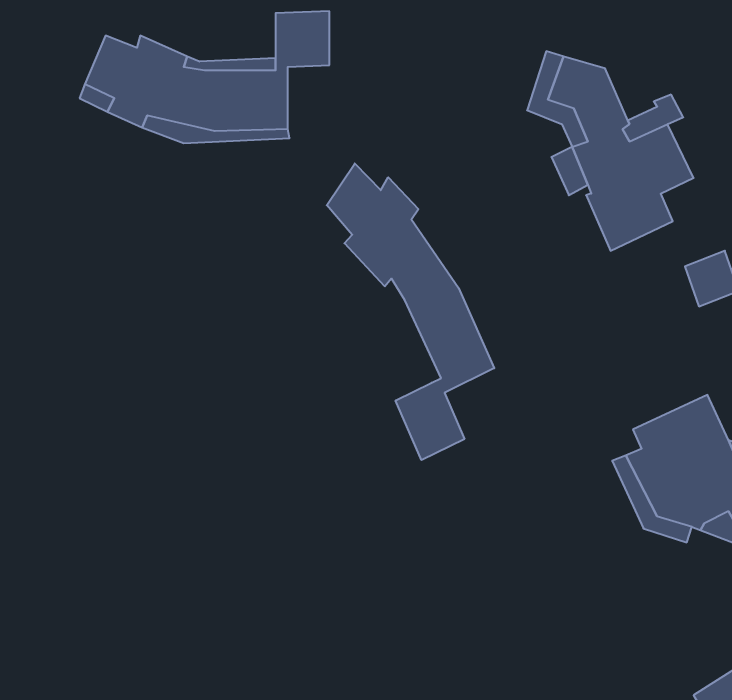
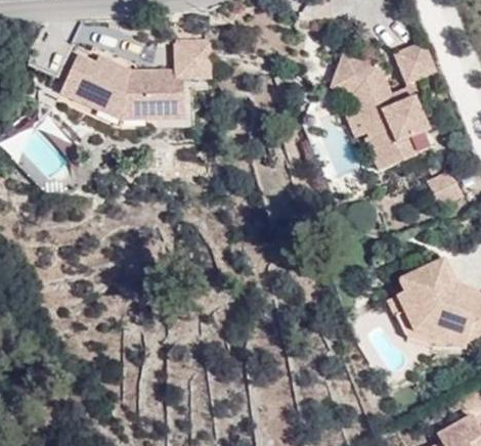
building: none -> [394,45,437,87]
building: [327,163,494,460] -> none

